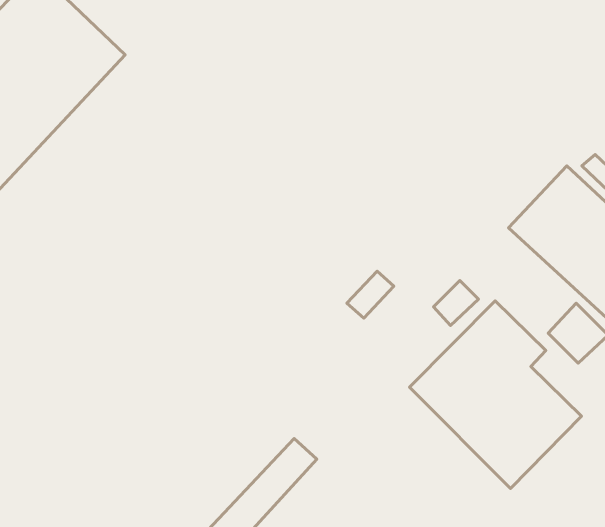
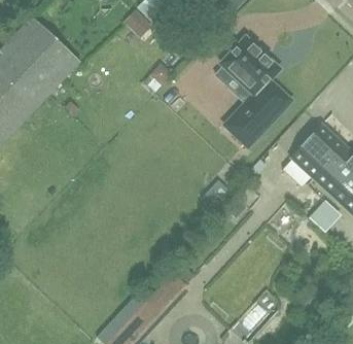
building: none -> [220,37,291,147]
building: [409,301,582,488] -> none

